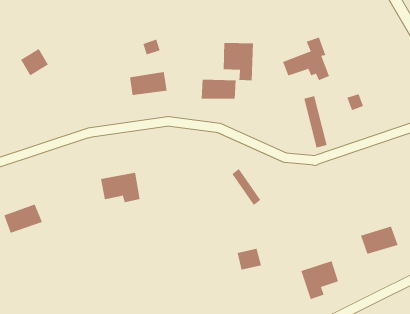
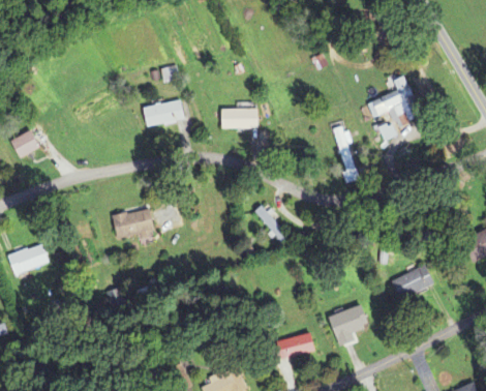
building: [282,37,330,81] -> [366,74,418,122]
building: [223,42,253,81] -> none
building: [20,48,49,76] -> [9,128,40,158]
building: [237,248,262,270] -> [290,332,316,356]

